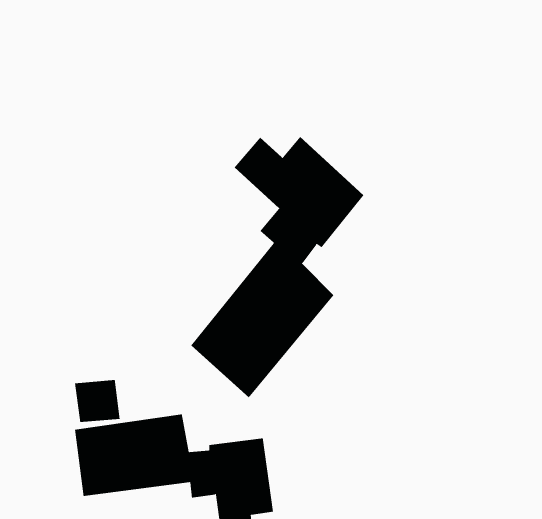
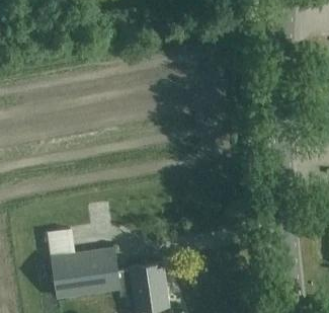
building: [190,136,364,398] -> none

